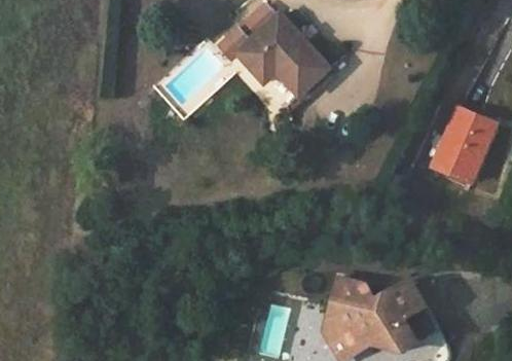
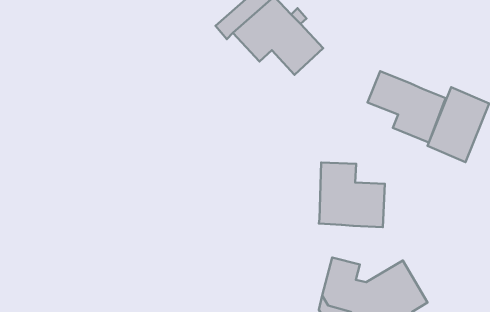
building: none -> [367,71,446,142]
building: none -> [319,162,385,227]

